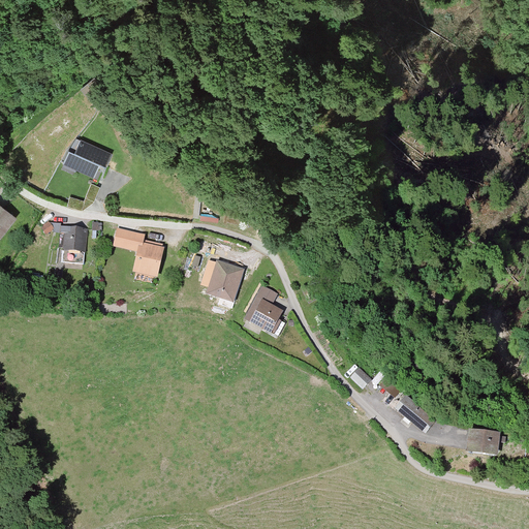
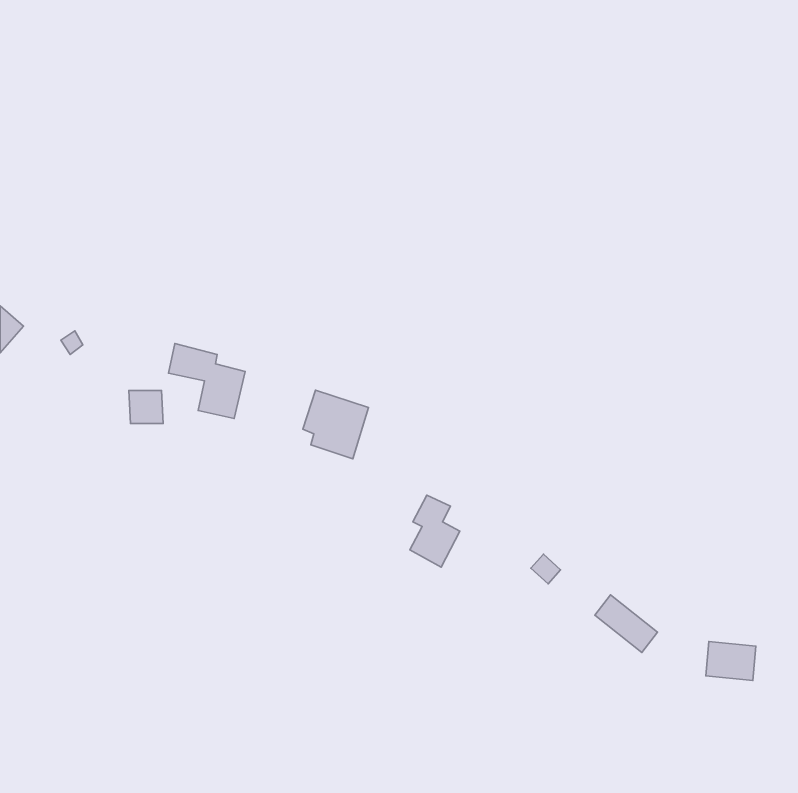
building: [64,137,110,176] -> none
building: [64,227,87,249] -> [129,391,163,423]
building: [250,286,283,334] -> [410,495,460,567]

